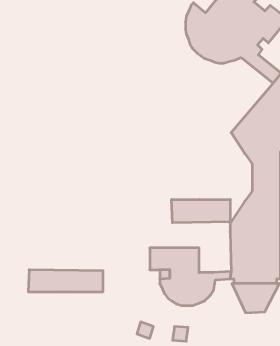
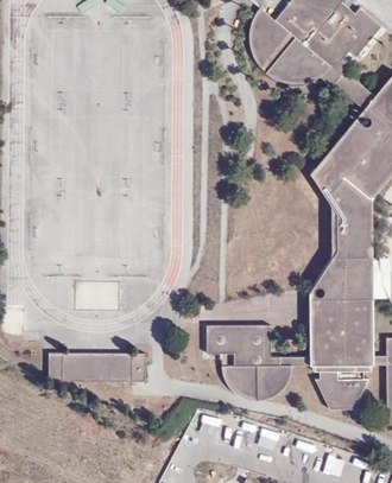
building: [172,199,230,223] -> none

